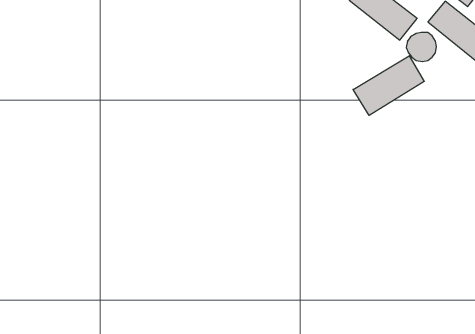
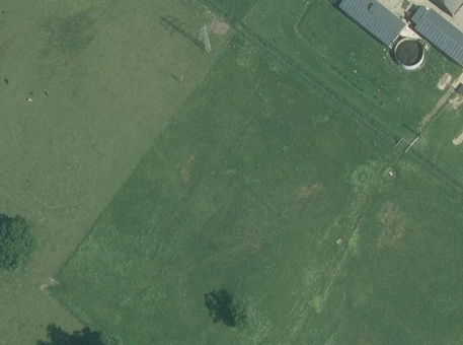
building: [353,56,424,115] -> none

